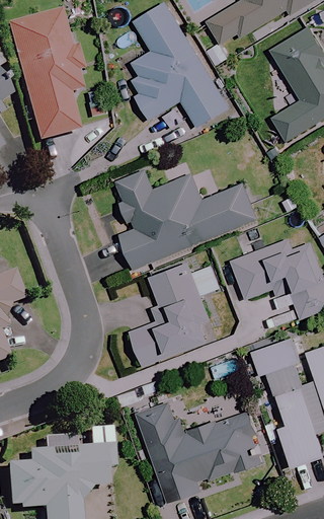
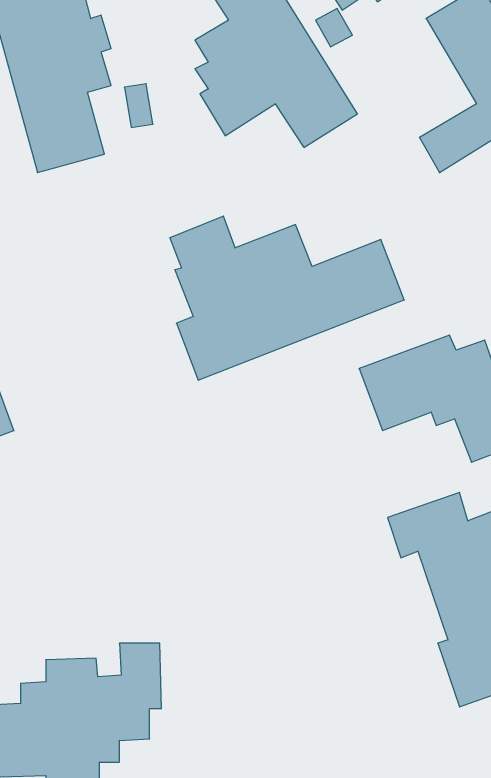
building: [134,256,226,363] -> none
building: [140,398,261,501] -> none

